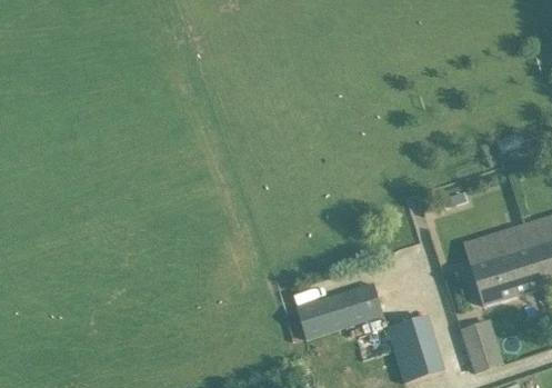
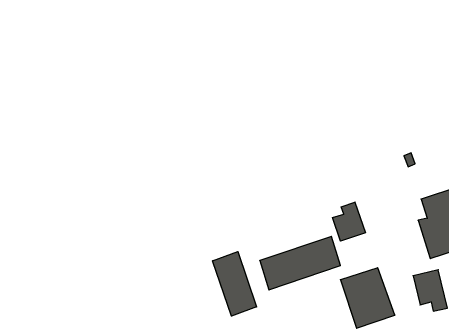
building: none -> [333,202,365,241]
building: none -> [213,252,257,316]

